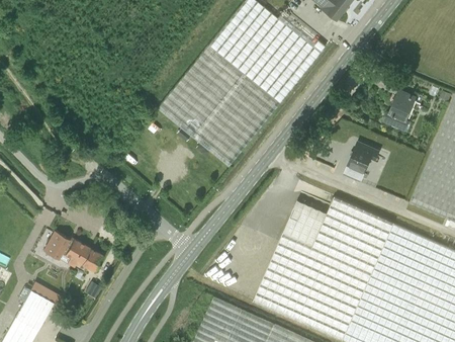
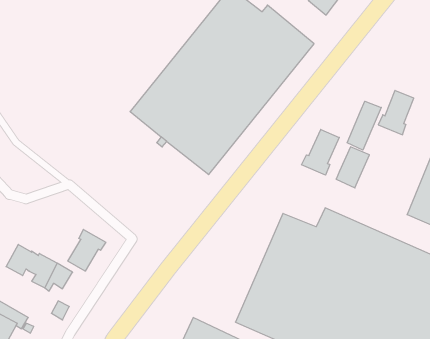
building: none -> [347,101,381,150]
building: none -> [302,129,339,175]
building: none -> [68,229,106,271]

